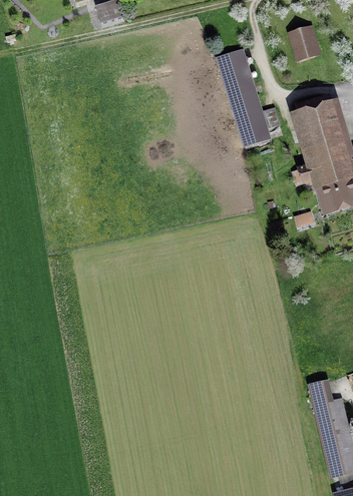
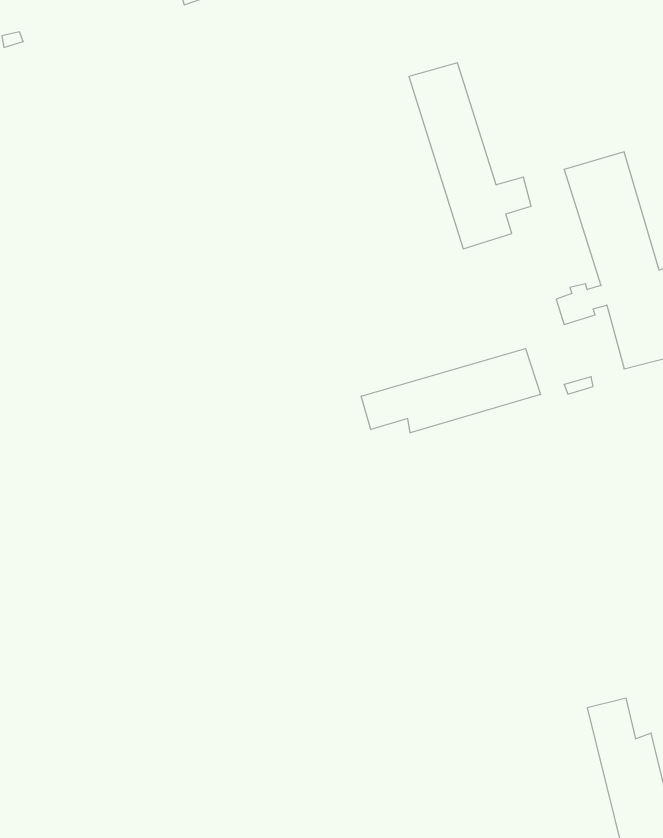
building: [292,30,315,57] -> none
building: none -> [361,349,540,433]

